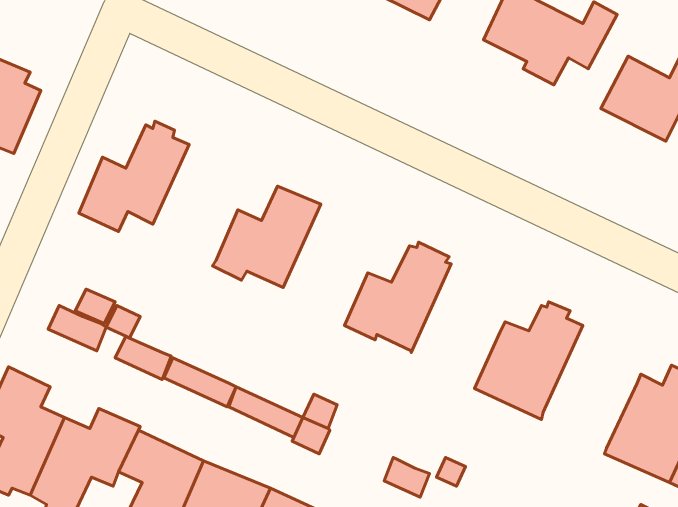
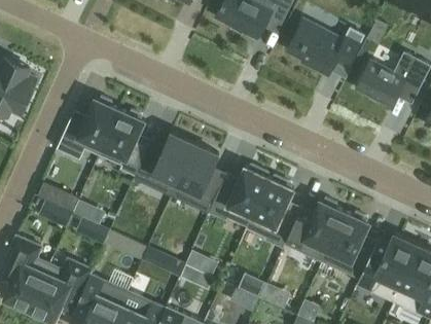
building: none -> [100,109,150,175]
building: none -> [174,143,223,213]
building: none -> [247,176,297,247]
building: none -> [322,211,378,278]

